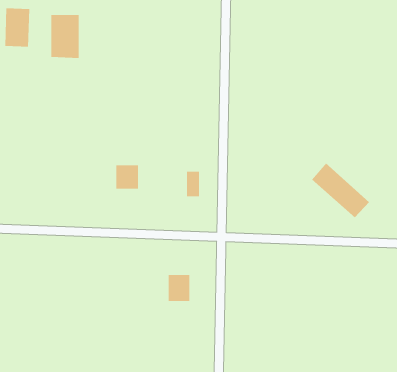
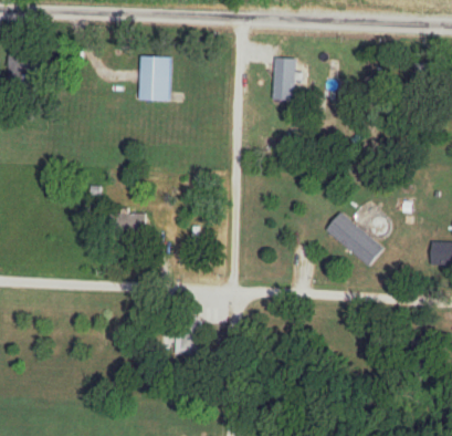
building: [51,15,79,58] -> [140,56,170,102]
building: none -> [273,58,295,101]

